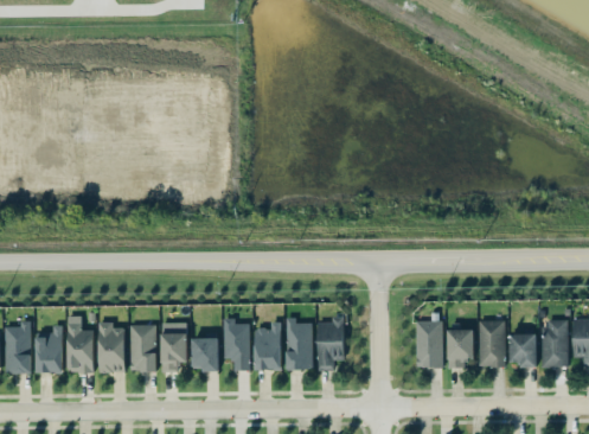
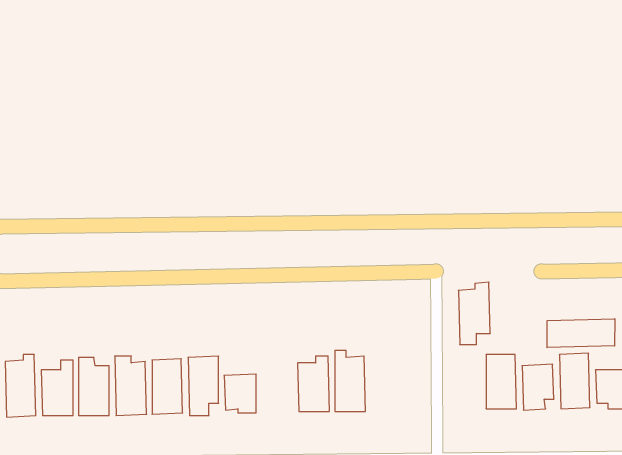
building: none -> [547,319,615,348]
building: [318,317,345,370] -> [458,282,490,345]
building: [224,318,250,371] -> none

